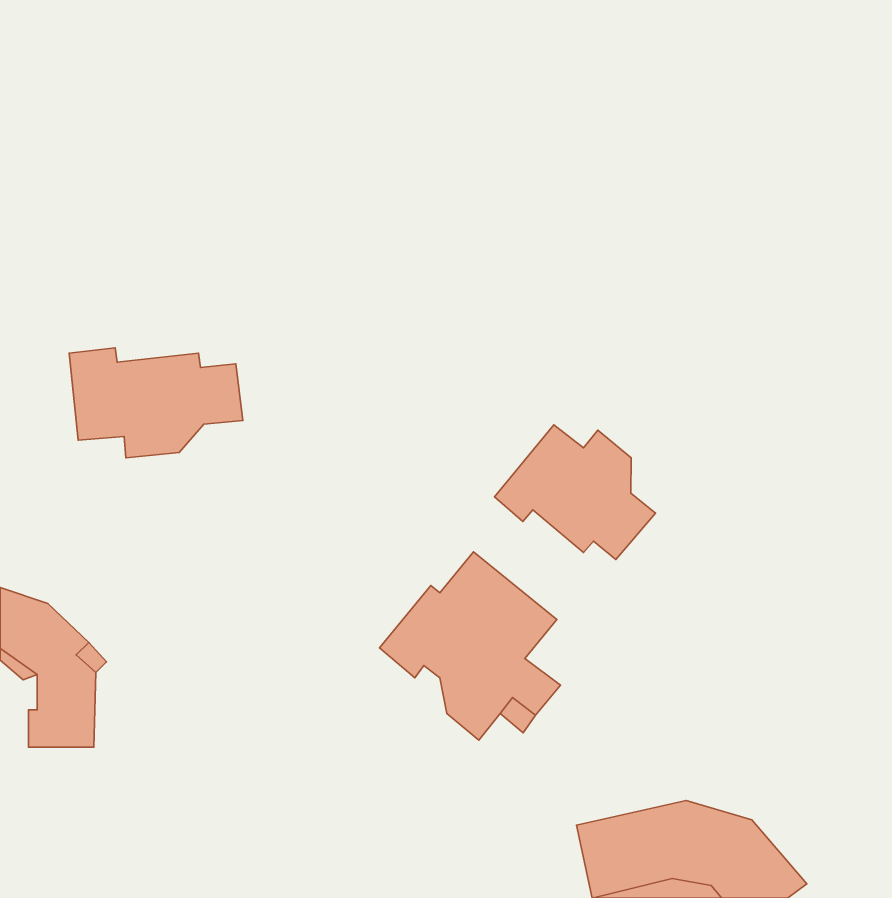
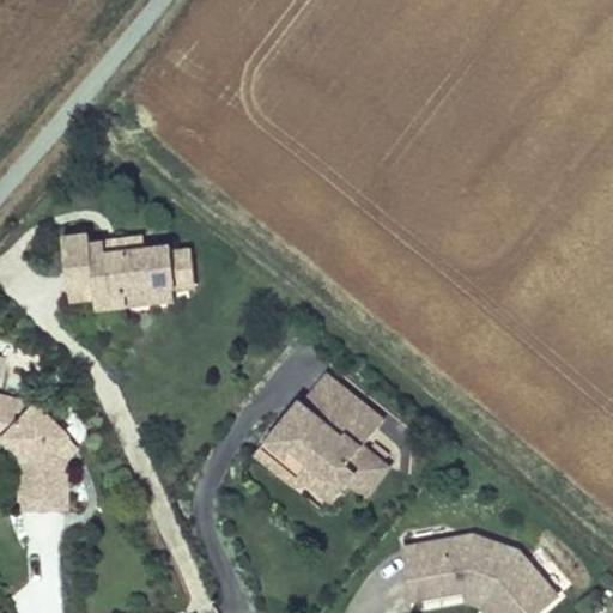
building: [494,425,656,559] -> none
building: none -> [255,437,311,484]

